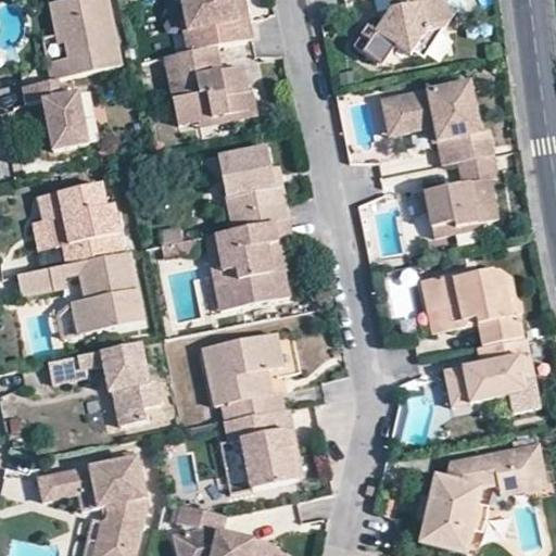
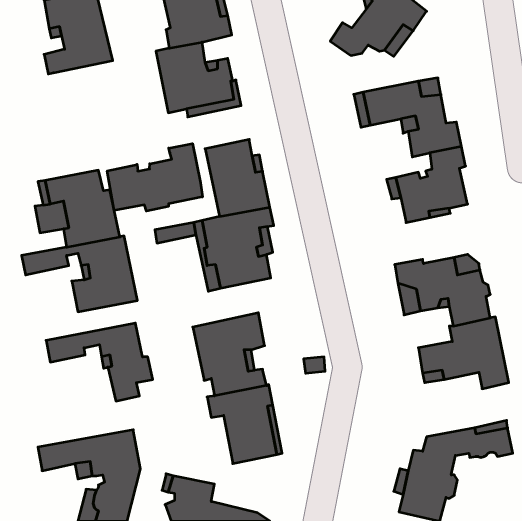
building: [24,77,90,147] -> none
building: none -> [107,144,202,211]

